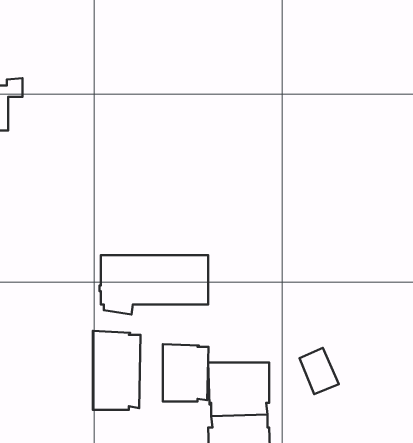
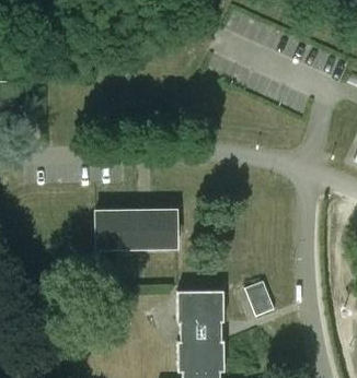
building: [93,331,140,410] -> none
building: [163,344,209,401] -> none

